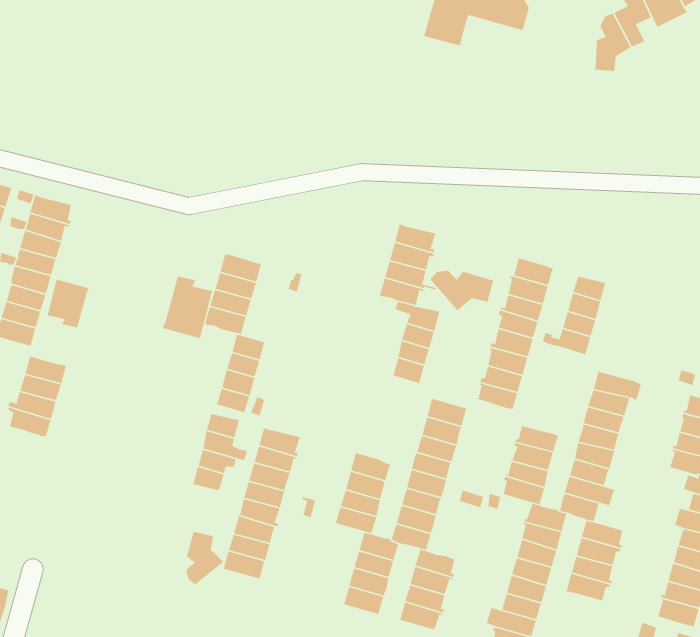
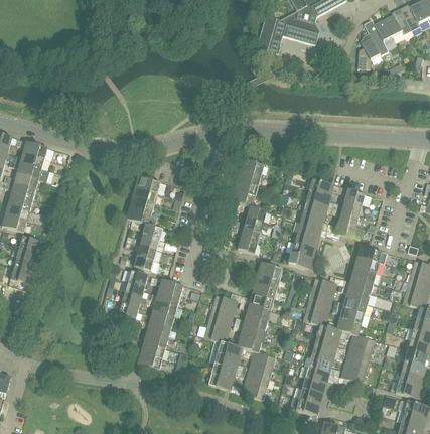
building: [430,270,494,312] -> none
building: [162,275,213,339] -> none
building: [47,279,90,328] -> none
building: [185,531,225,585] -> none

